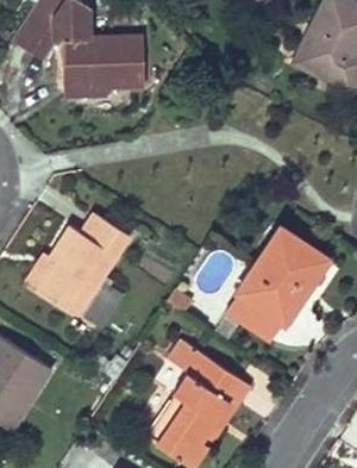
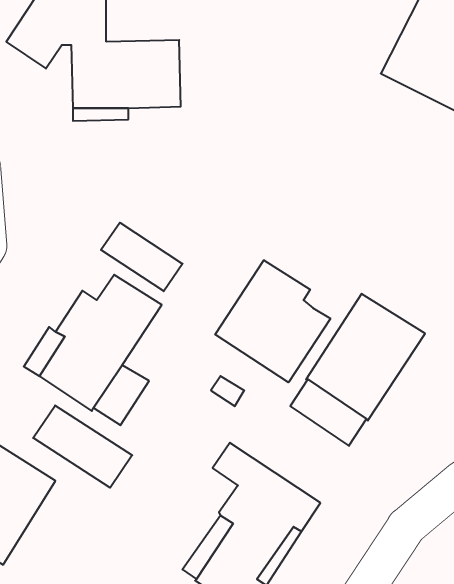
building: none -> [101,223,183,291]
building: none -> [215,260,330,382]
building: none -> [33,405,132,488]

